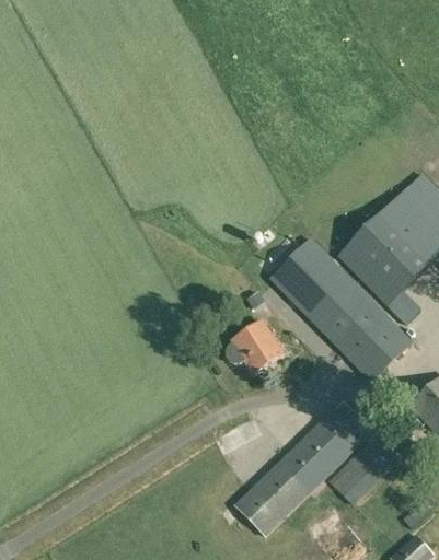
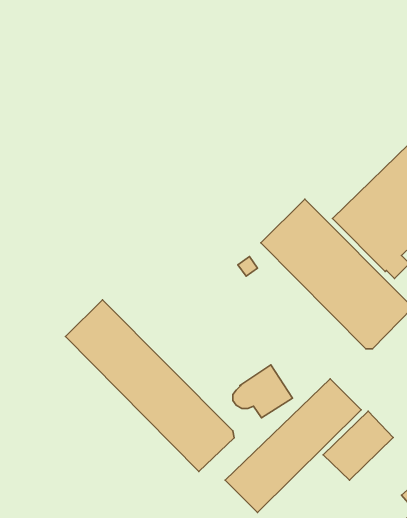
building: [226,322,282,372] -> [233,365,293,418]
building: none -> [65,300,234,471]

